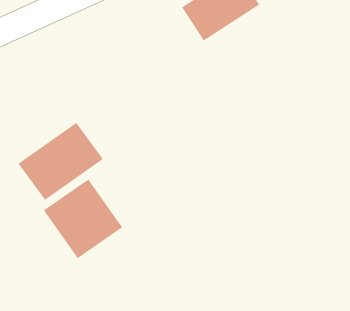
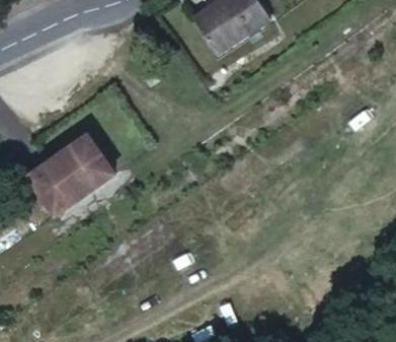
building: [43,179,123,259] -> none

